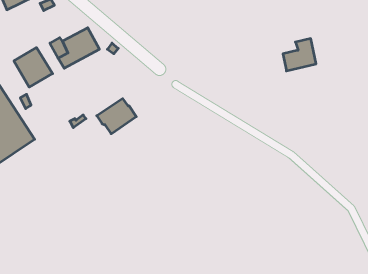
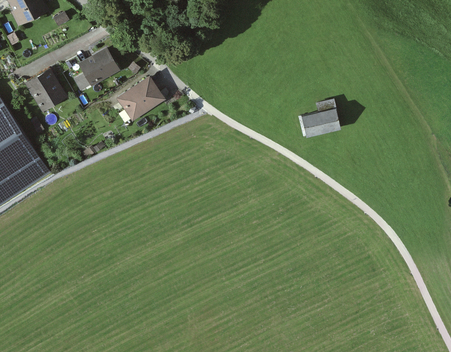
building: [283,39,316,71] -> [302,103,339,139]
building: [97,99,136,134] -> [117,80,161,119]

